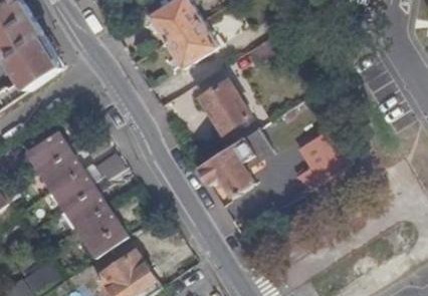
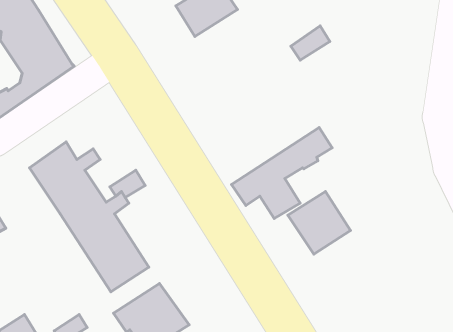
building: [166,19,218,68] -> none
building: [201,80,250,132] -> none
building: [299,128,353,182] -> [288,191,350,254]

